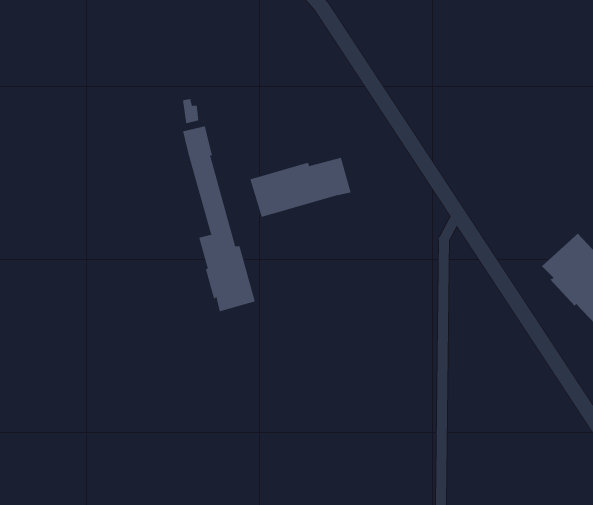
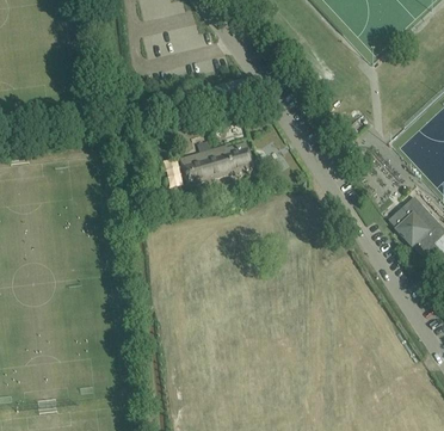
building: [183,126,256,312] -> none

